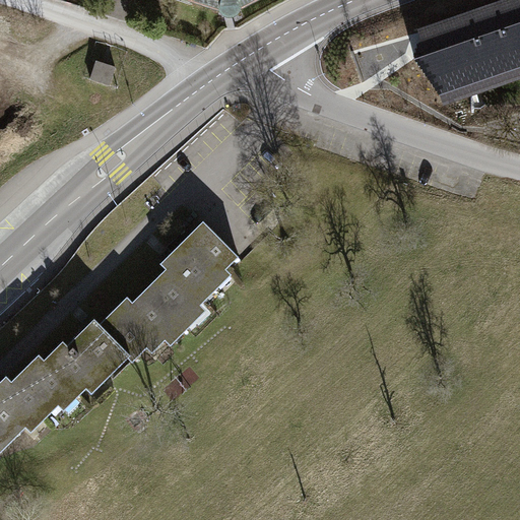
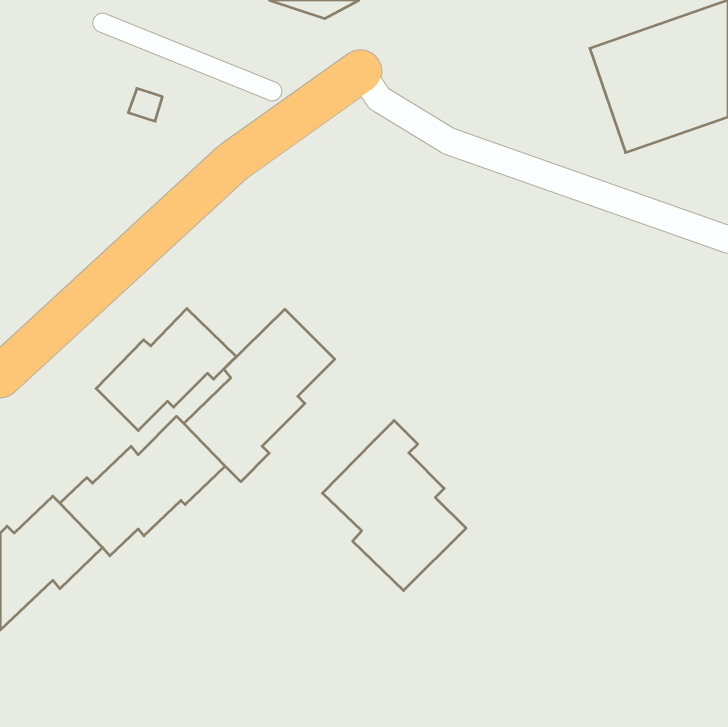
building: none -> [96,308,236,431]
building: none -> [322,420,466,591]

